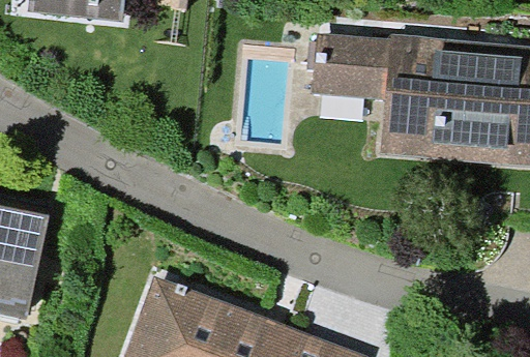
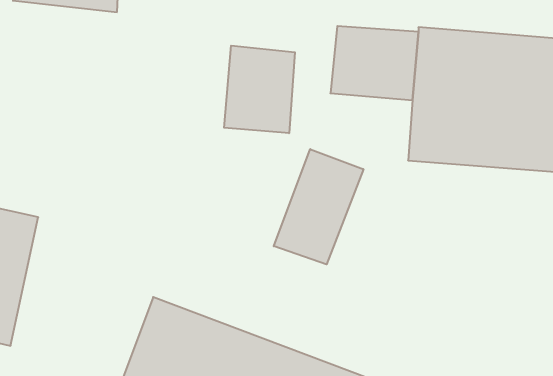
building: none -> [224,46,295,133]
building: none -> [274,149,363,264]

